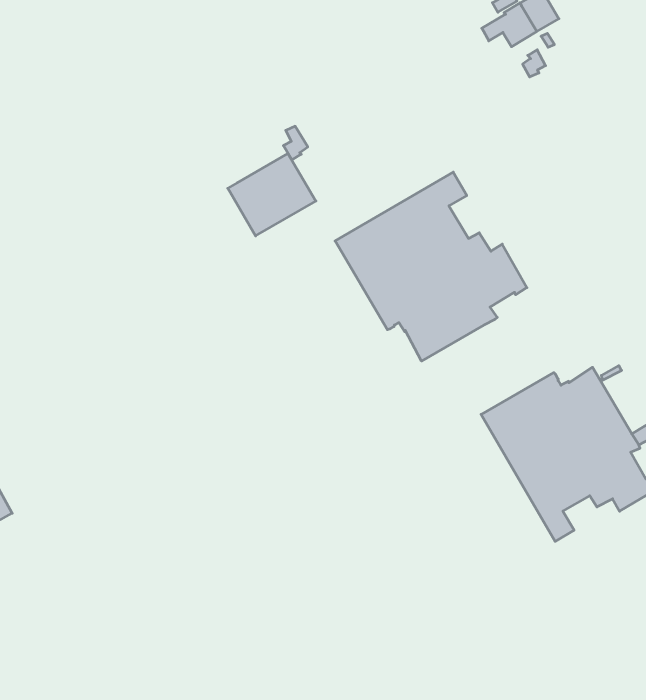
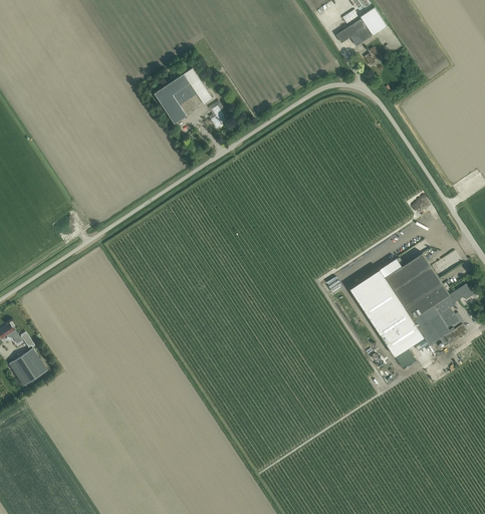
building: [228,153,316,236] -> [154,68,212,123]
building: [335,172,527,361] -> none

